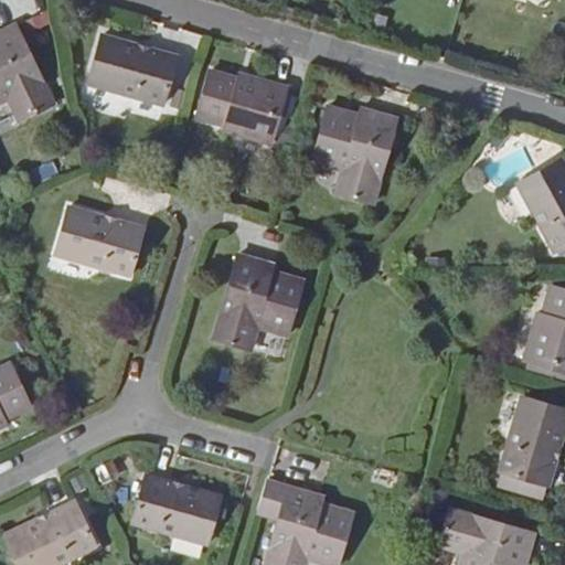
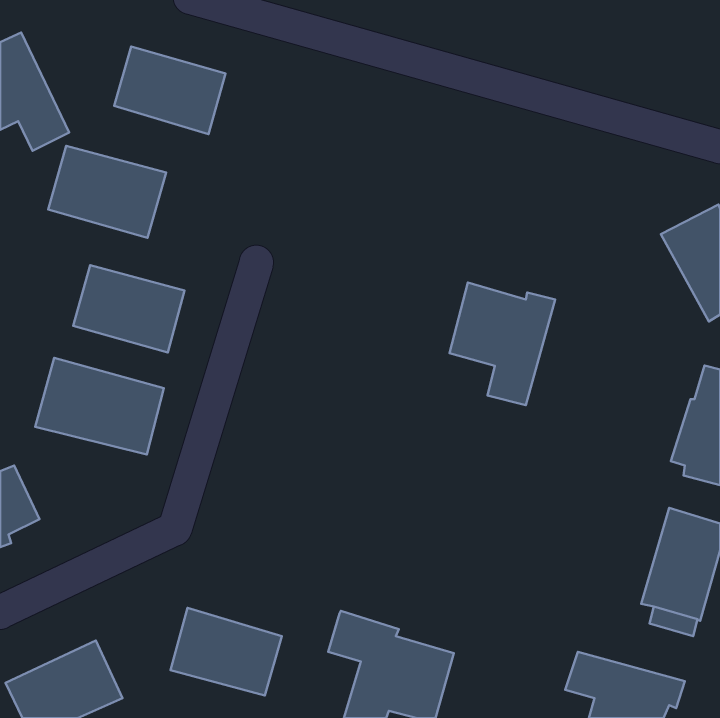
building: [198,73,289,145] -> none
building: [315,108,397,204] -> [450,283,555,405]
building: none -> [48,146,166,238]
building: [215,254,305,348] -> none
building: none -> [35,358,164,455]

